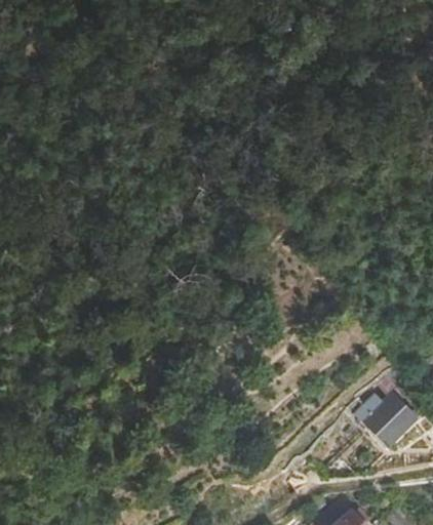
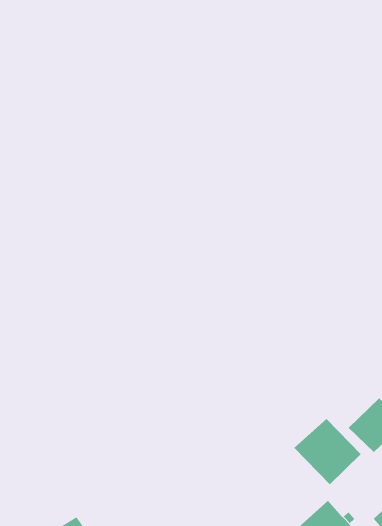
building: none -> [293,418,361,485]

